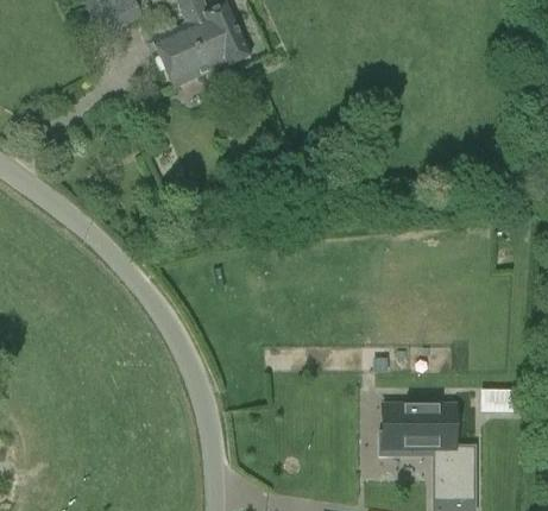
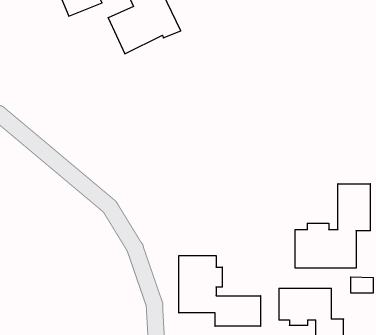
building: none -> [295,184,370,268]
building: none -> [179,256,261,326]

